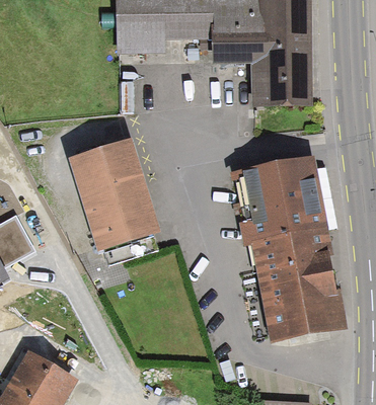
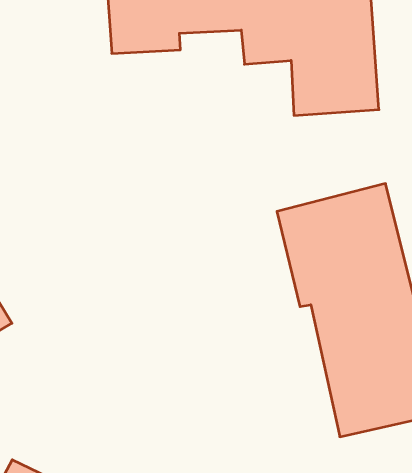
building: [68,137,162,263] -> none

